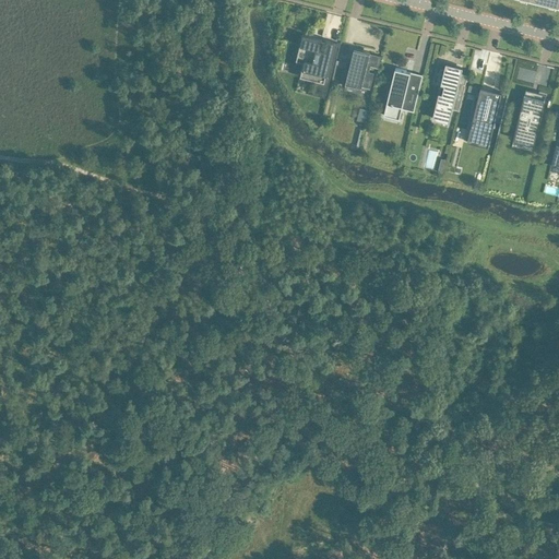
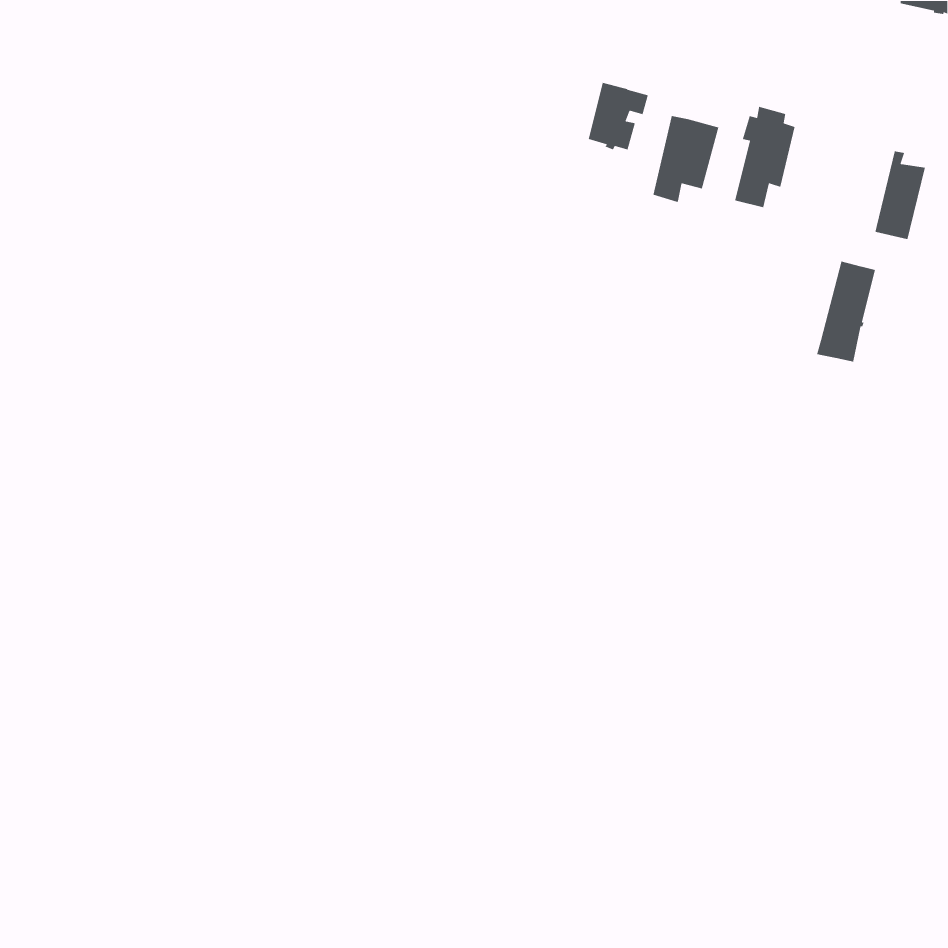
building: [298,35,336,98] -> none
building: [466,87,501,147] -> [817,260,876,363]

